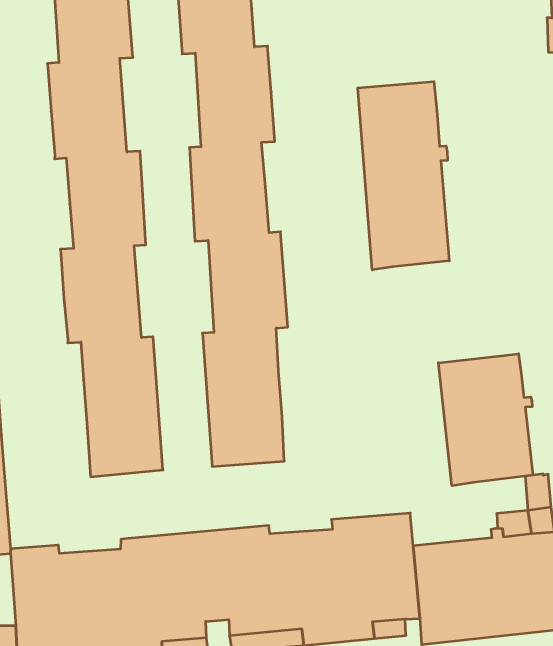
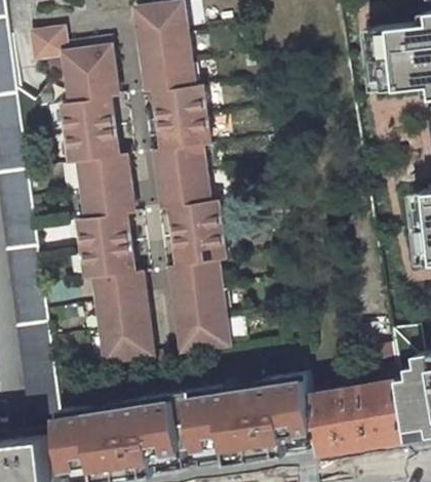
building: [358,82,449,270] -> none
building: [438,354,533,486] -> none

